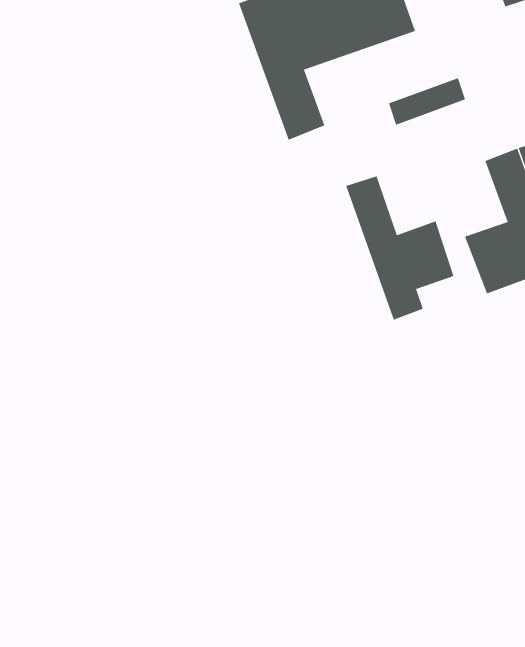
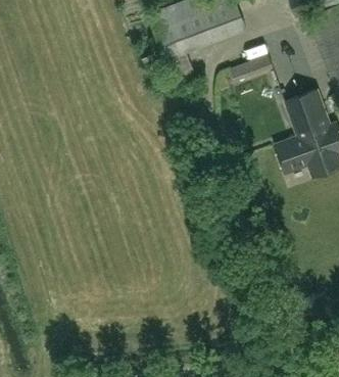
building: [346,176,454,321] -> none

